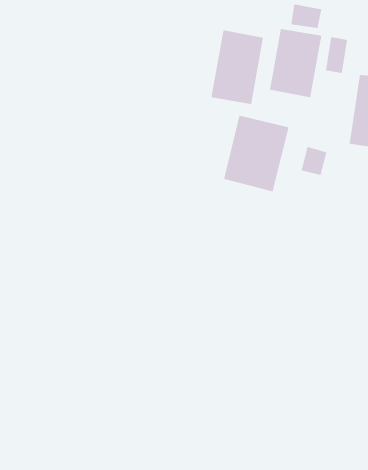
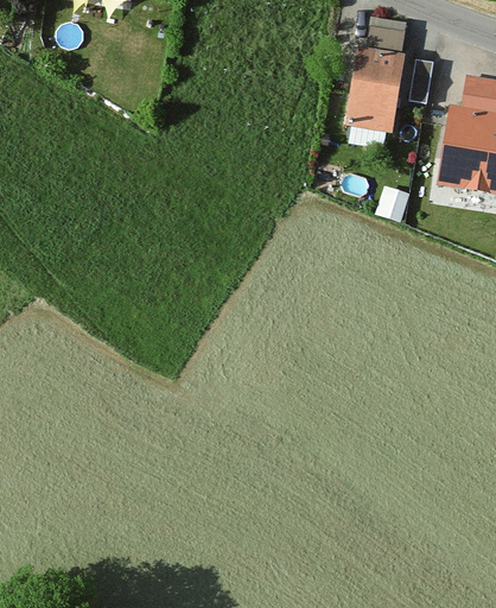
building: [211,29,264,105] -> none
building: [223,115,289,192] -> none

